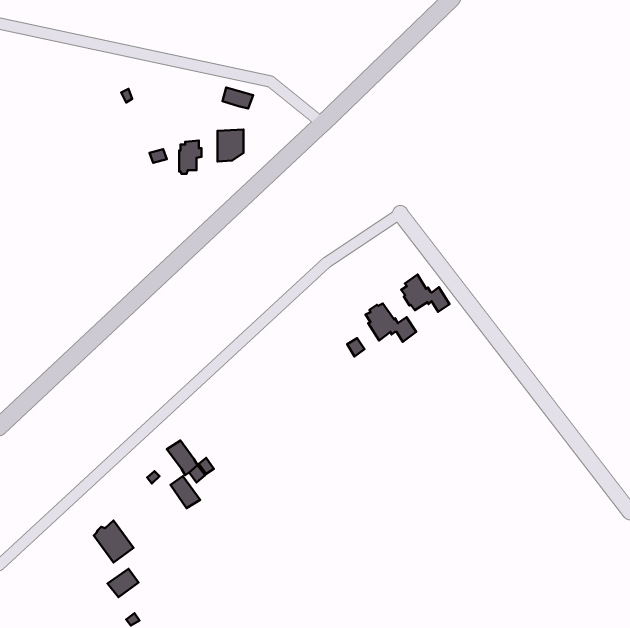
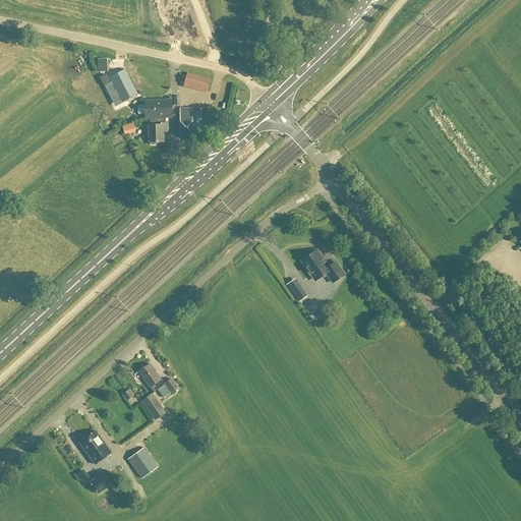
building: none -> [109,69,135,98]
building: none -> [136,99,171,117]
building: [401,275,450,312] -> none
building: none -> [126,447,157,478]

